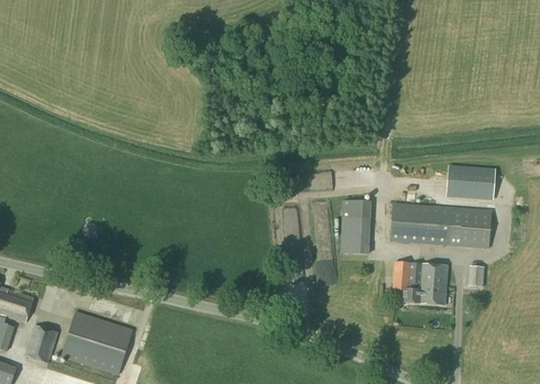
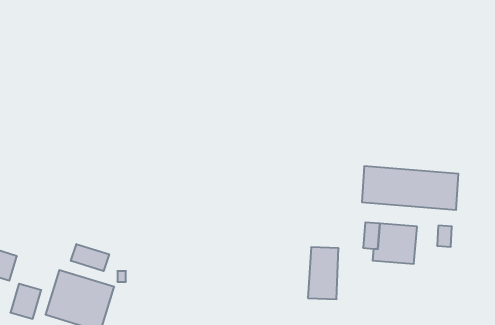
building: [445,165,493,199] -> none
building: [340,199,372,253] -> [308,247,339,299]
building: none -> [71,244,109,271]

